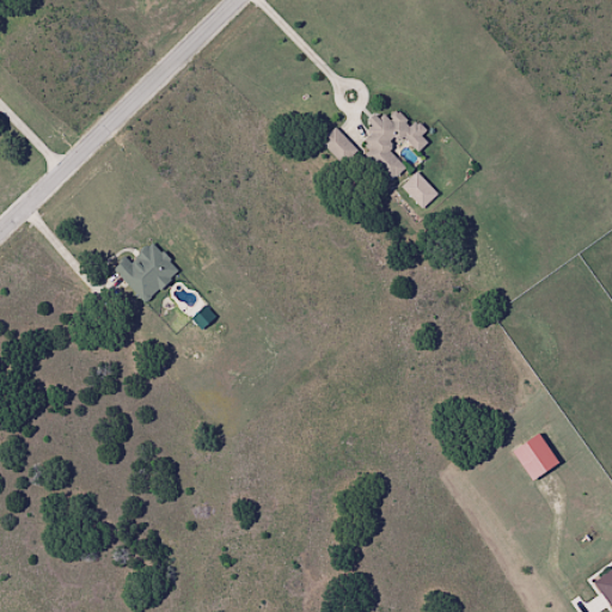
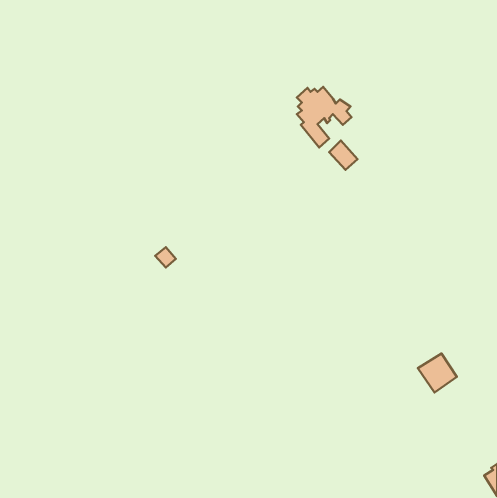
building: [323,128,359,164] -> none
building: [112,244,177,301] -> none

